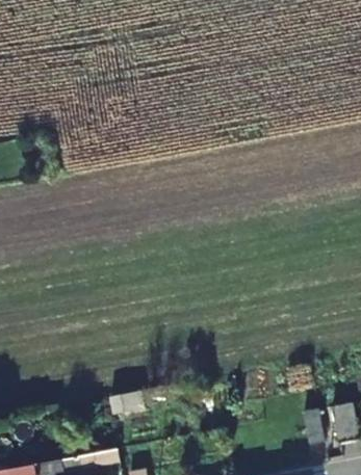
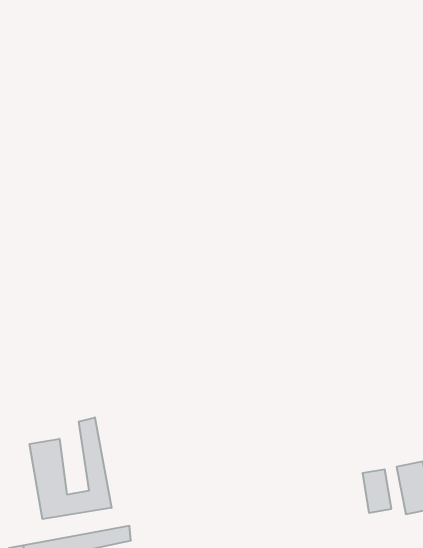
building: none -> [30,417,112,519]

